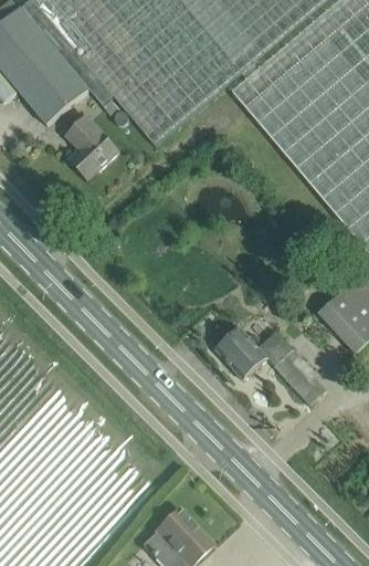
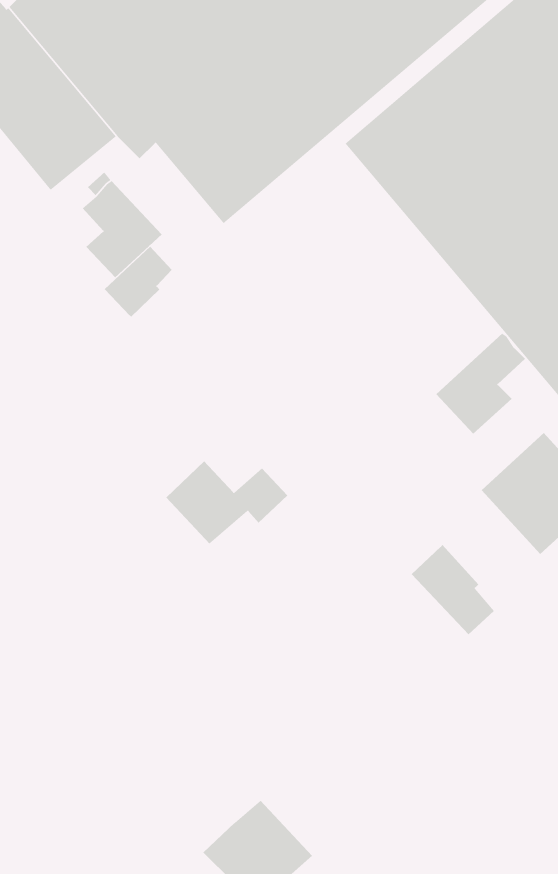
building: none -> [104,246,173,318]
building: none -> [436,333,526,435]
building: [217,326,294,379] -> [166,461,288,545]

